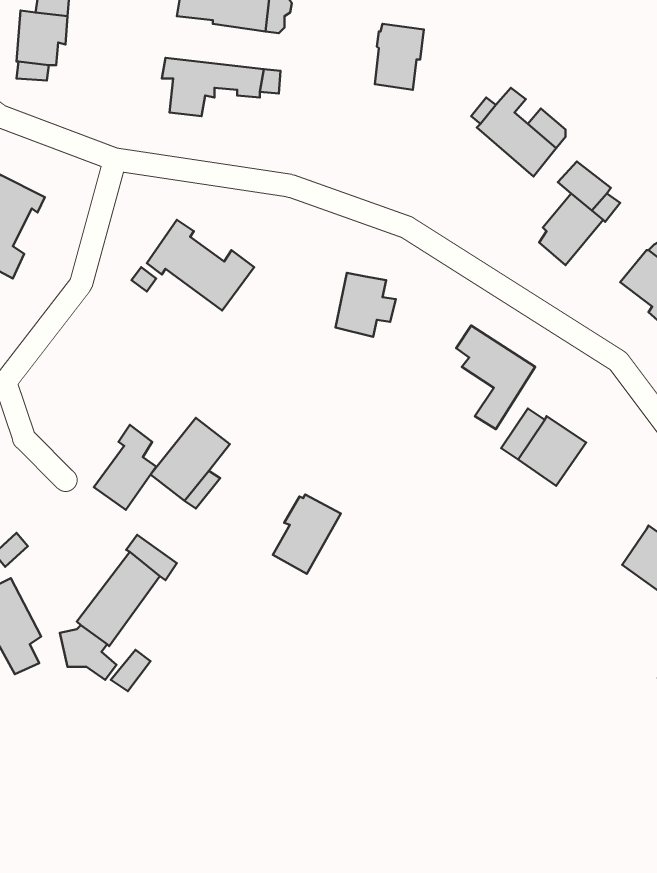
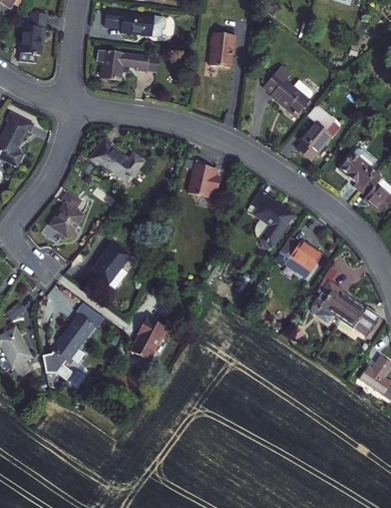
building: [94,425,156,510] -> [49,191,82,236]
building: none -> [312,280,354,327]
building: [273,495,341,574] -> [131,318,167,360]

